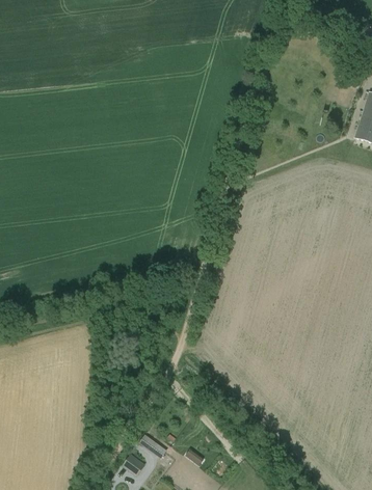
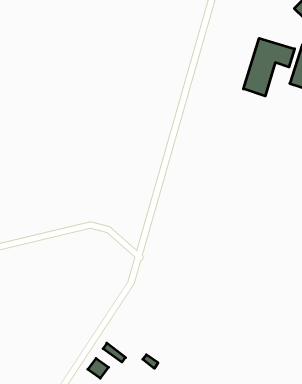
building: none -> [243,38,295,96]

